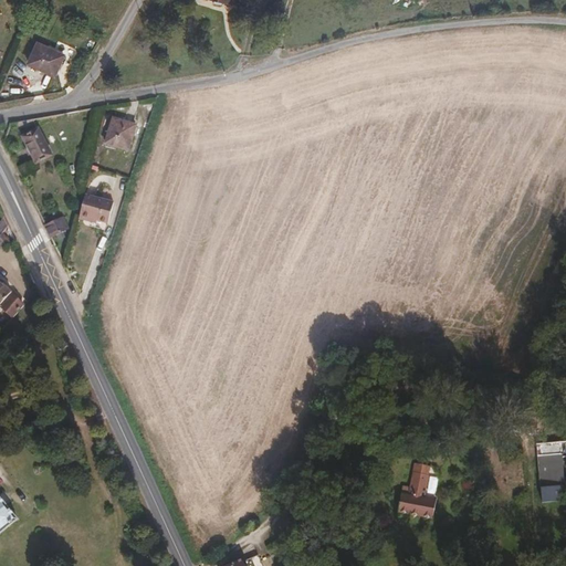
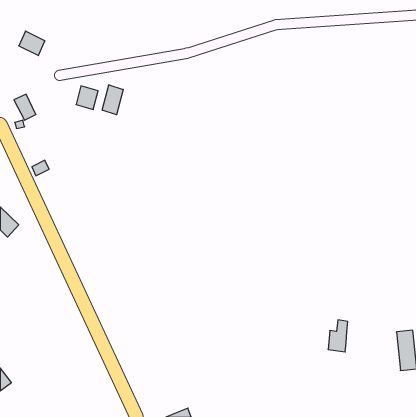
building: none -> [102,85,123,115]
building: [76,189,111,220] -> none
building: [399,469,426,512] -> [328,320,348,352]

